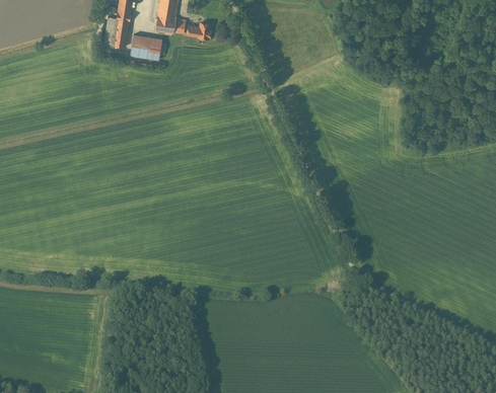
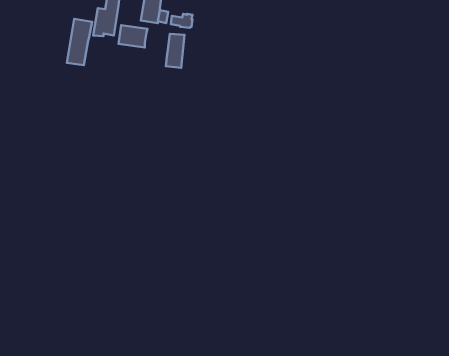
building: none -> [67,19,92,65]
building: none -> [166,34,184,68]

